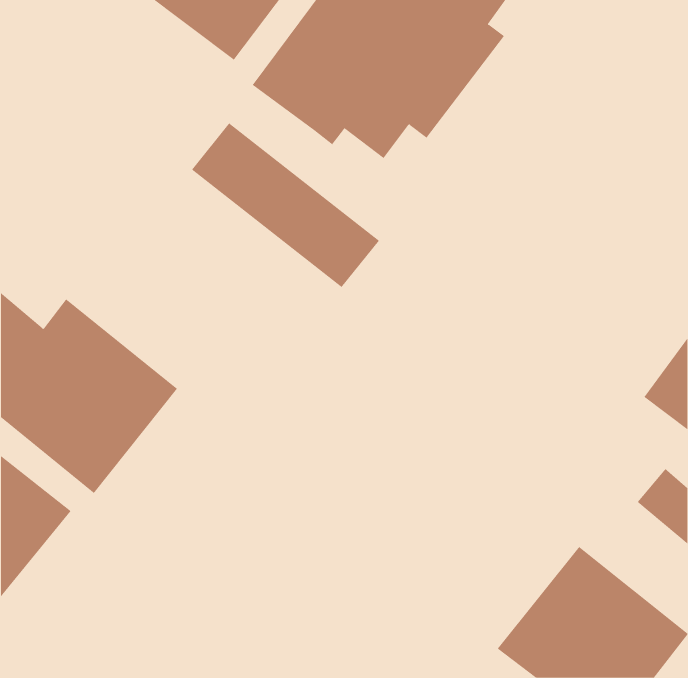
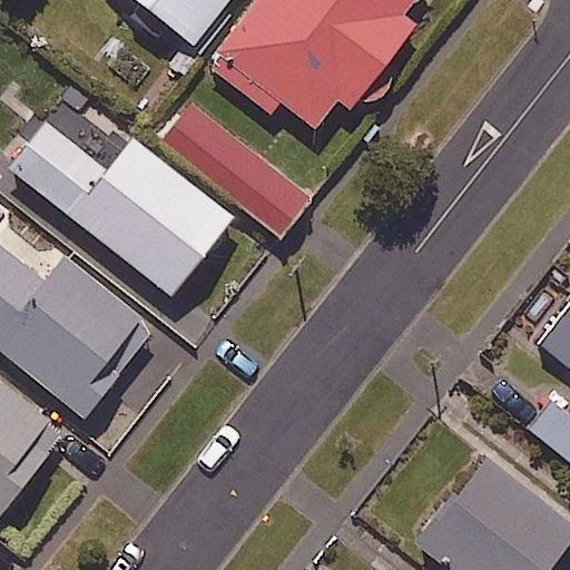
building: none -> [9,125,236,299]

